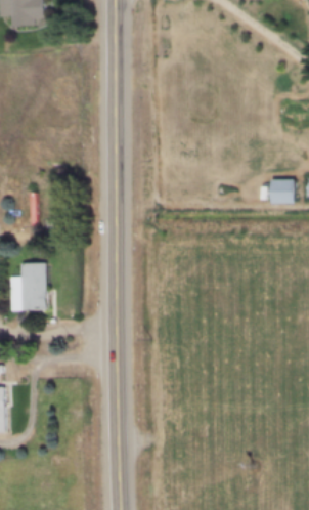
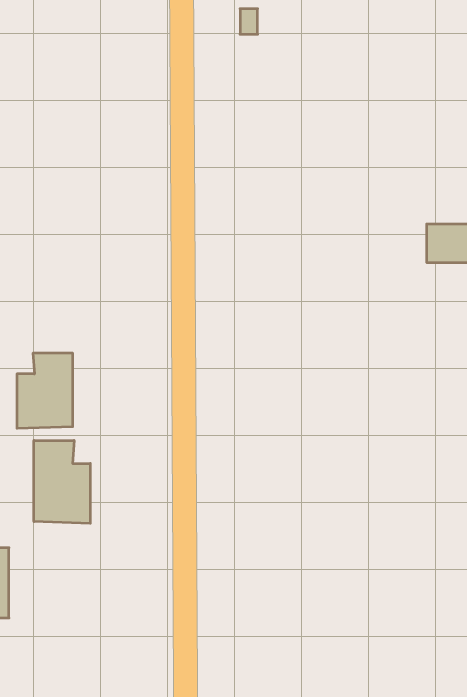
building: none -> [34,440,90,523]

